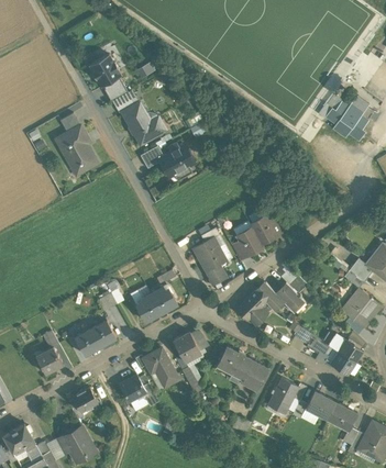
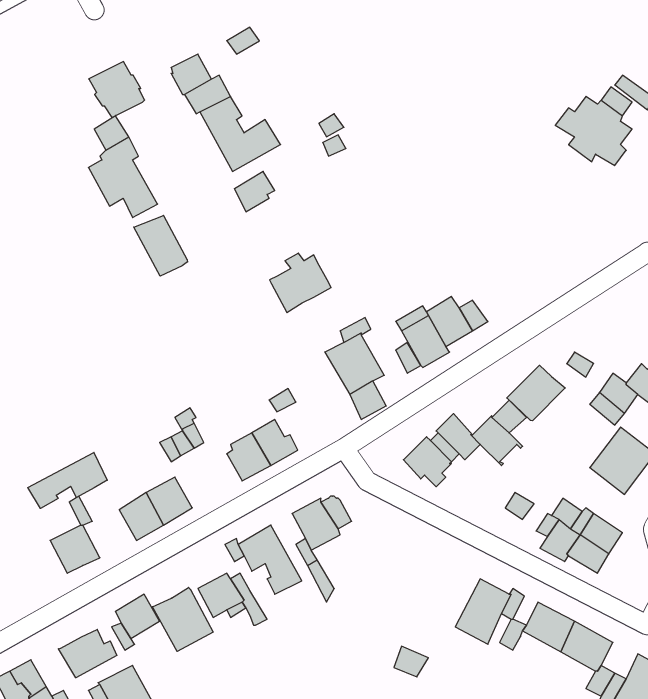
building: [89,55,121,87] -> [89,62,145,117]
building: [159,143,195,177] -> [270,253,331,313]
building: none -> [134,215,188,276]
building: none -> [507,365,565,421]
building: none -> [28,452,107,508]
building: [217,347,268,390] -> none
building: none -> [152,587,213,651]
building: none -> [58,629,117,678]

